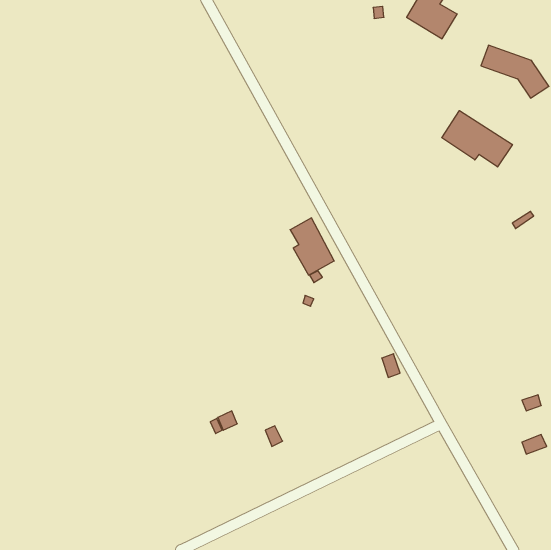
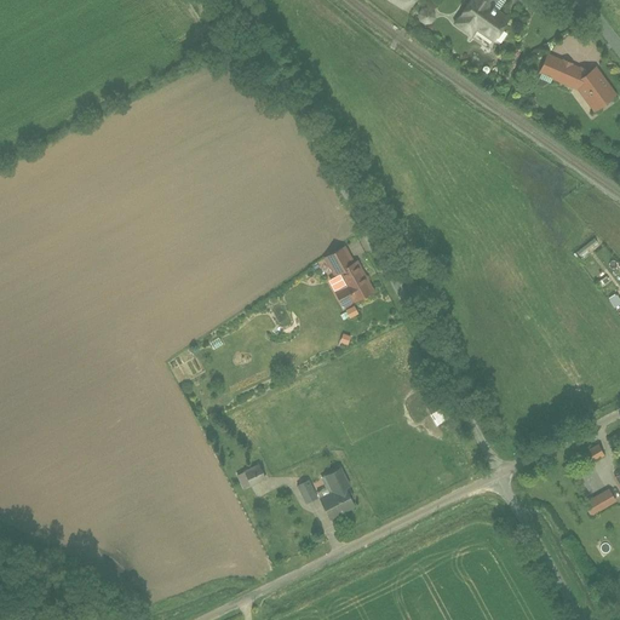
building: [442,111,512,167] -> none
building: none -> [318,465,354,515]

